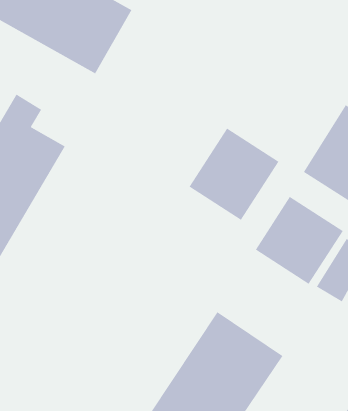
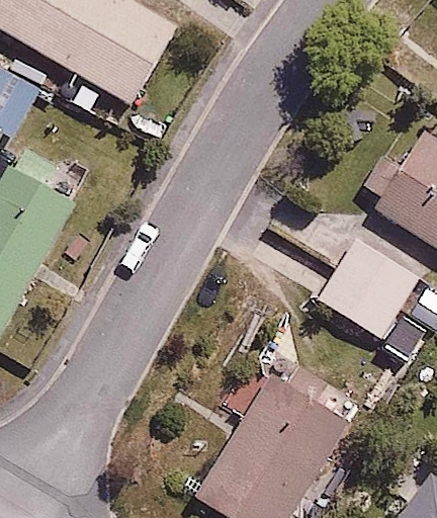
building: [188,127,279,221] -> none

